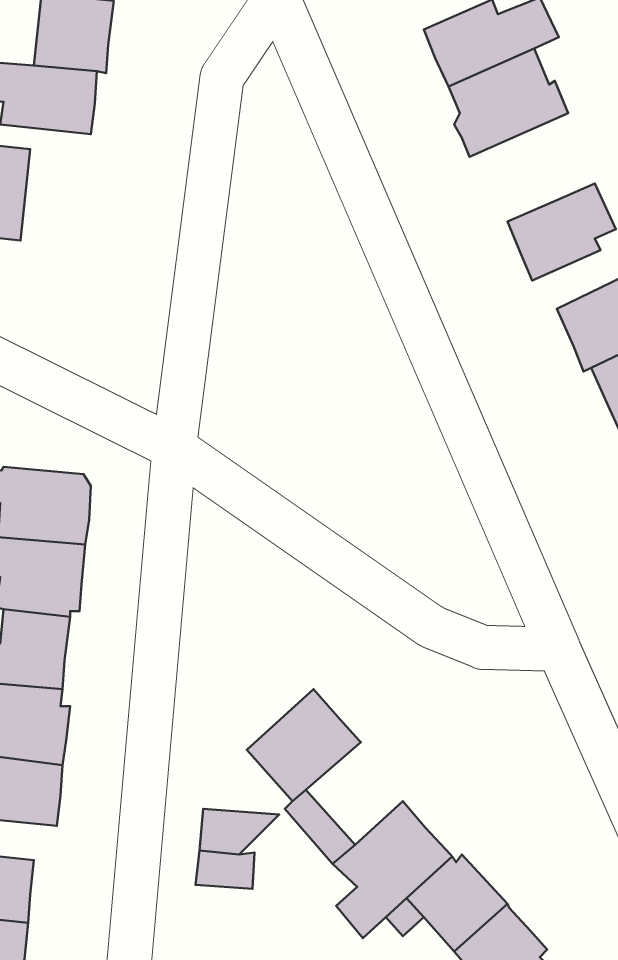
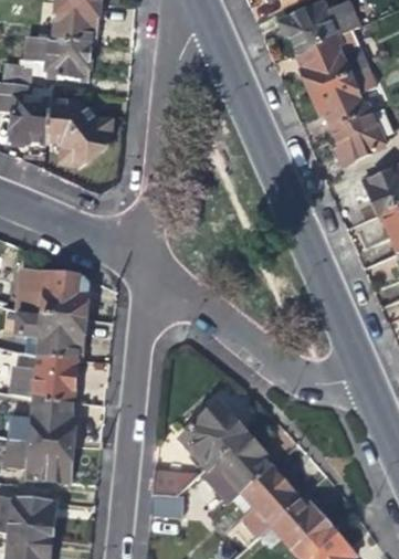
building: none -> [308,66,375,129]
building: none -> [48,98,113,165]
building: none -> [213,432,272,492]

